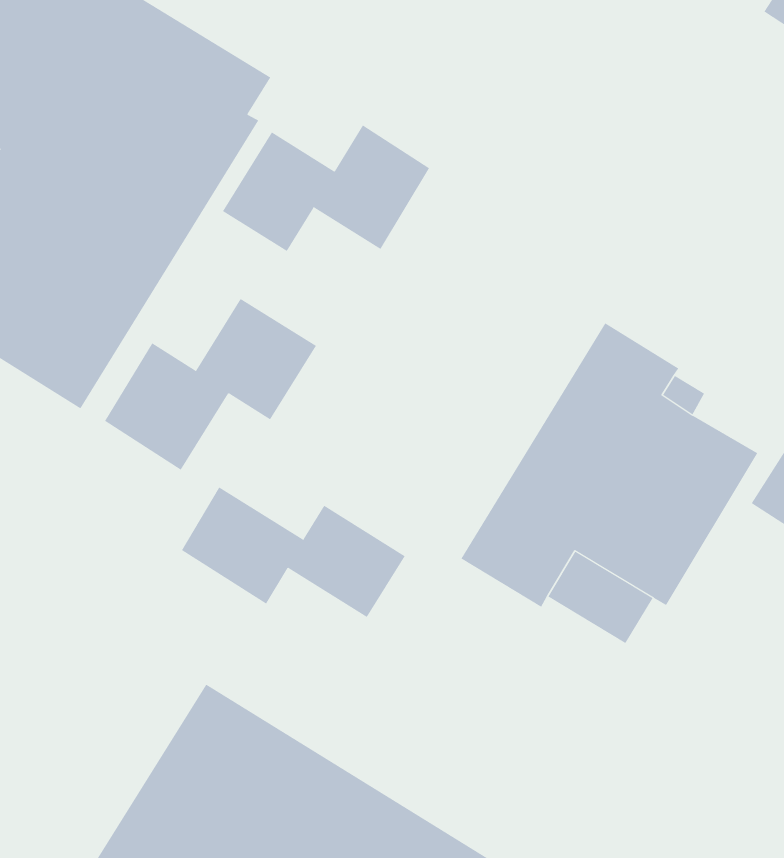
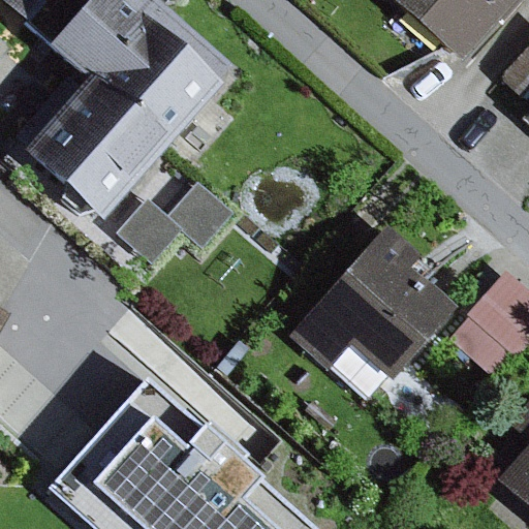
building: [222,125,430,252] -> none
building: [181,487,406,618] -> none

